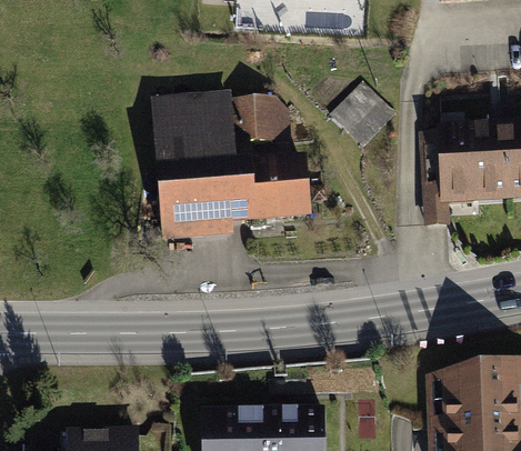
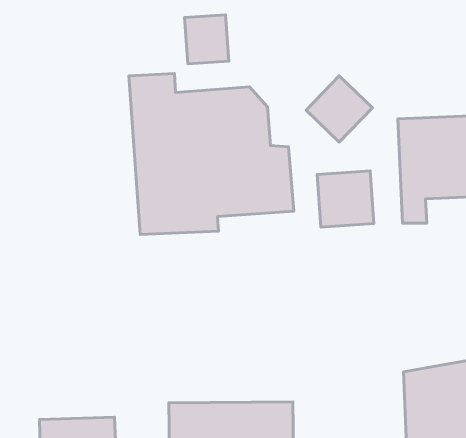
building: none -> [185,15,229,64]
building: none -> [317,171,374,227]

